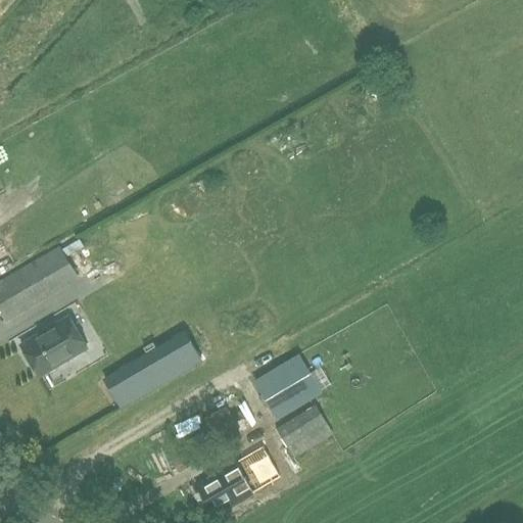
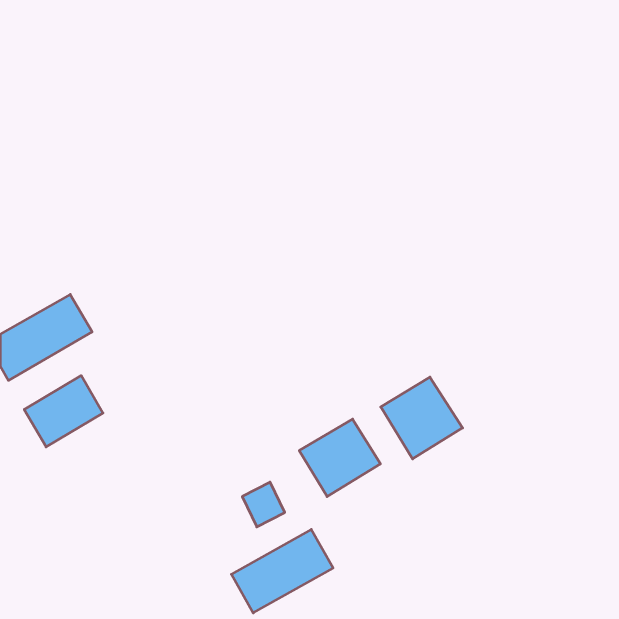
building: none -> [381,377,463,459]
building: [105,333,201,405] -> none
building: [277,408,332,458] -> none

